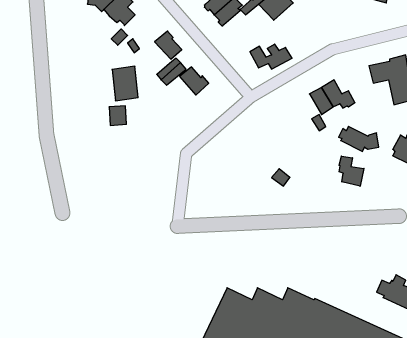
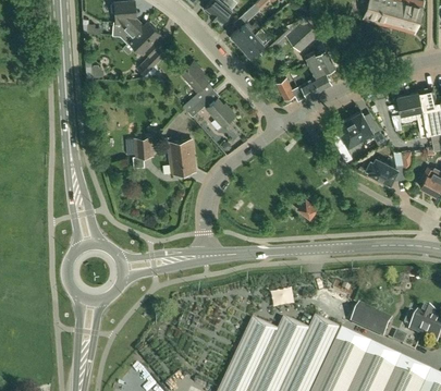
building: none -> [305,50,335,90]
building: [112,66,138,101] -> [169,140,195,175]
building: [339,156,364,186] -> none
building: none -> [352,307,391,339]

